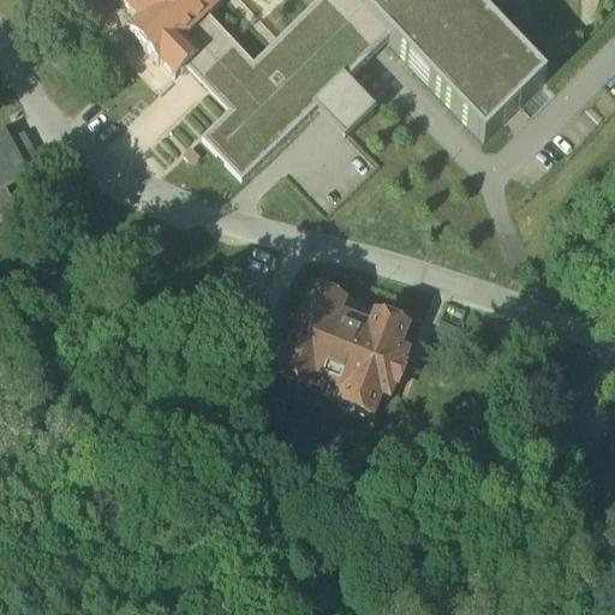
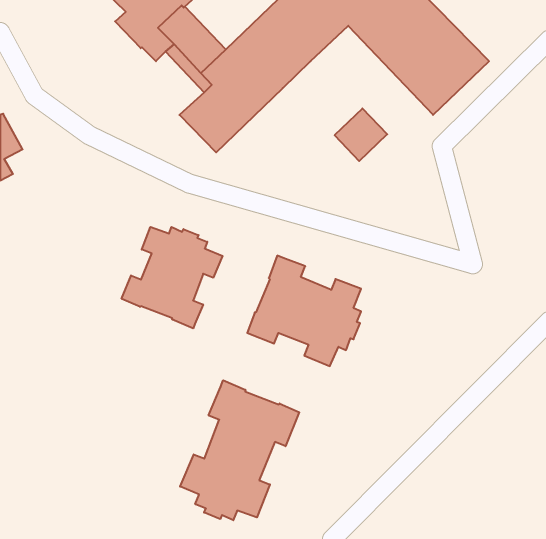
building: [320,68,378,127] -> [335,108,387,161]
building: none -> [122,227,223,328]
building: none -> [180,380,299,520]

